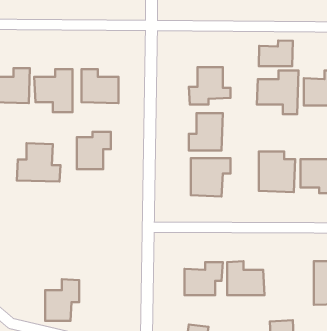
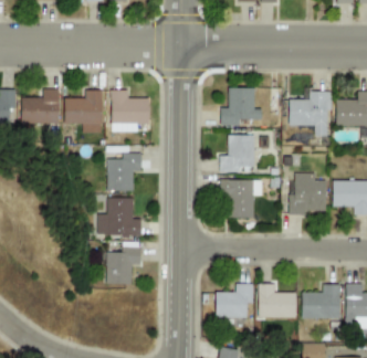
building: [259,41,293,66] -> none
building: [17,143,61,182] -> [97,197,141,235]
building: none -> [302,284,340,318]
building: [45,279,79,321] -> [106,241,140,283]

